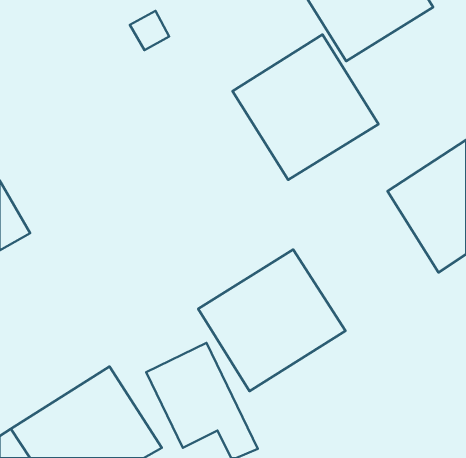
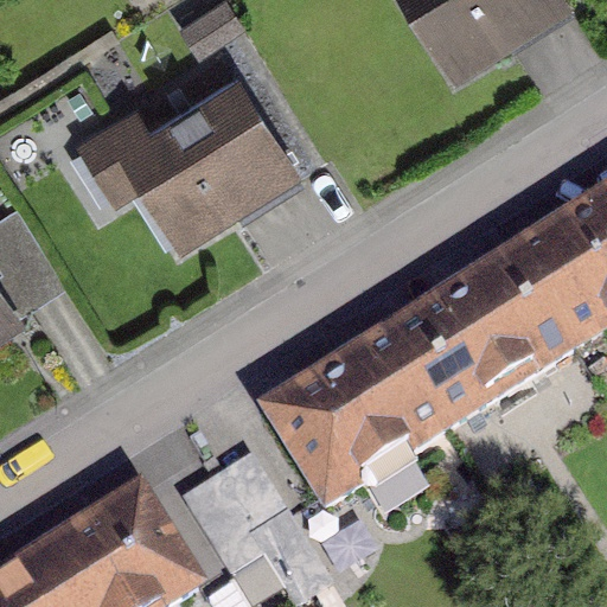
building: [232,34,379,180] -> none
building: none -> [111,88,287,257]
building: none -> [381,248,569,429]

